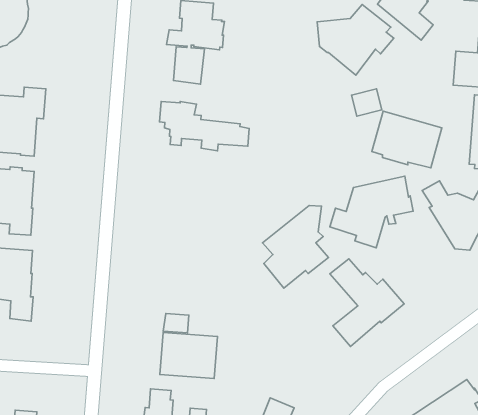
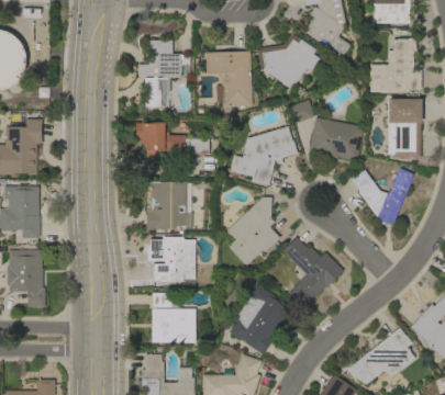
building: none -> [205,52,253,108]
building: none -> [146,182,191,230]
building: [330,176,413,248] -> [231,126,297,185]
building: none -> [154,237,196,282]
building: none -> [230,284,292,356]

